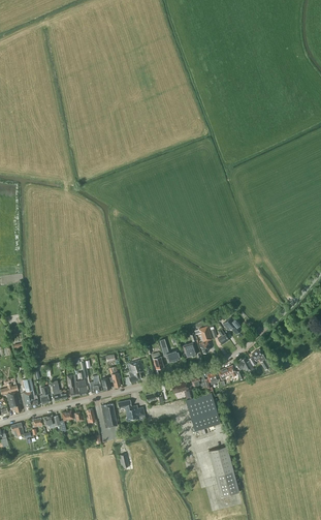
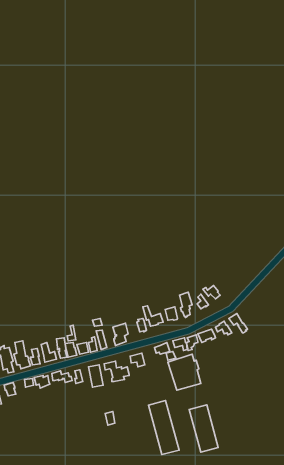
building: none -> [148,401,179,455]

